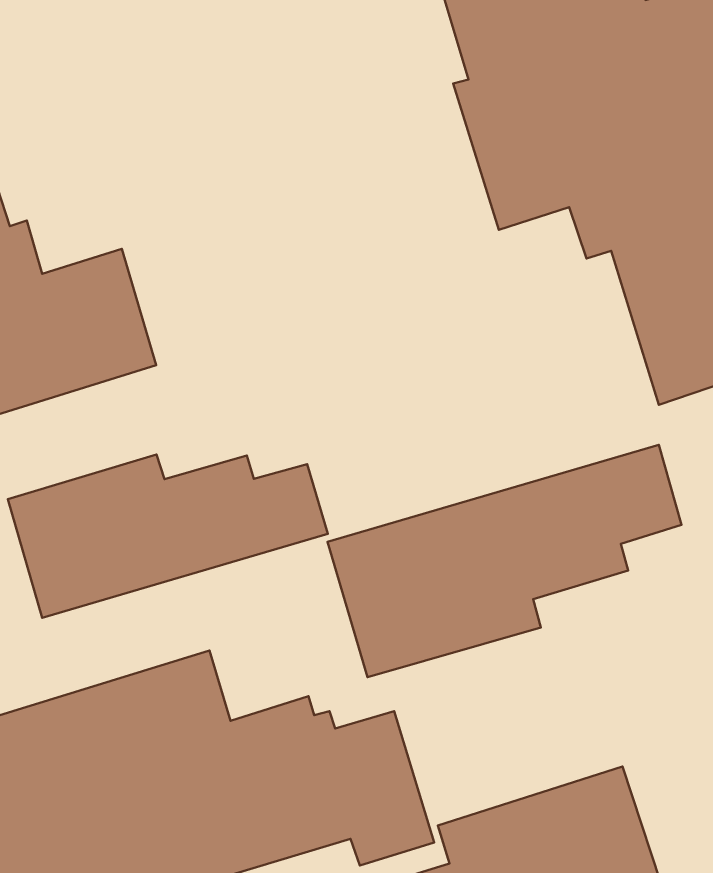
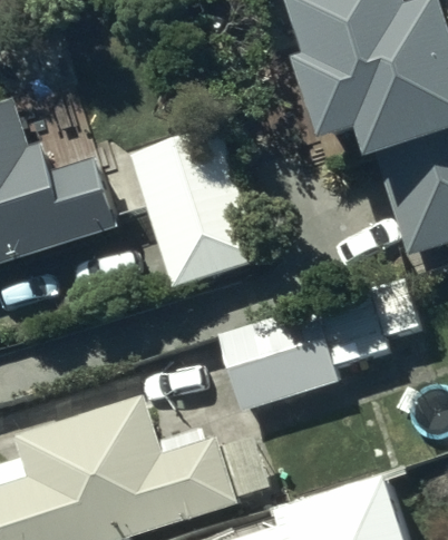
building: none -> [128,125,261,288]
building: [8,455,328,618] -> none

